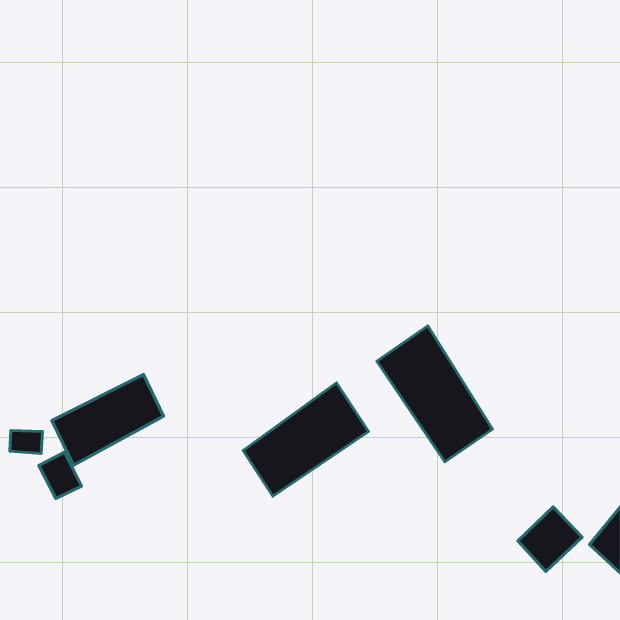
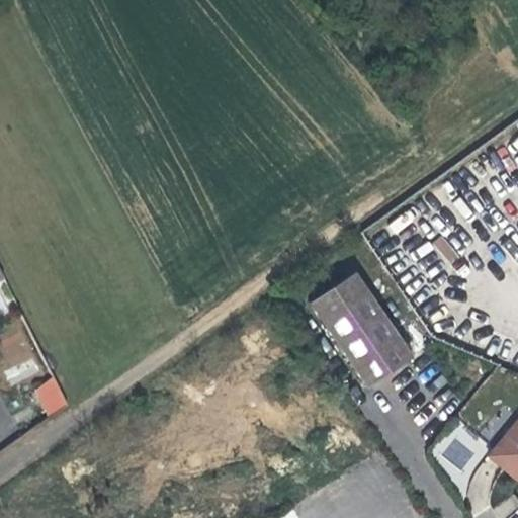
building: [52,375,164,465] -> none
building: [243,383,369,496] -> none

